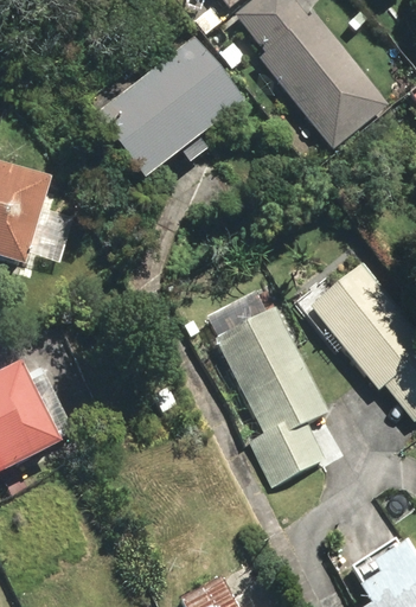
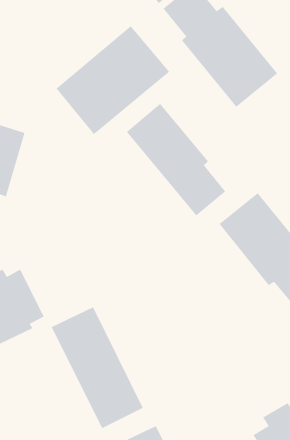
building: none -> [126,103,226,216]
building: [213,305,327,484] -> none
building: none -> [51,306,144,429]

